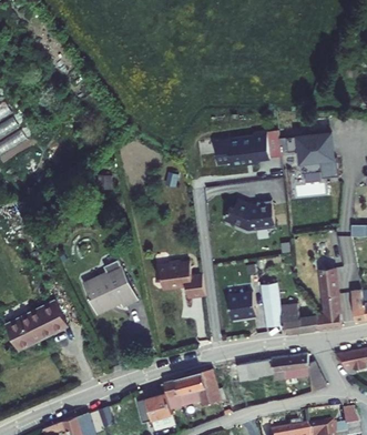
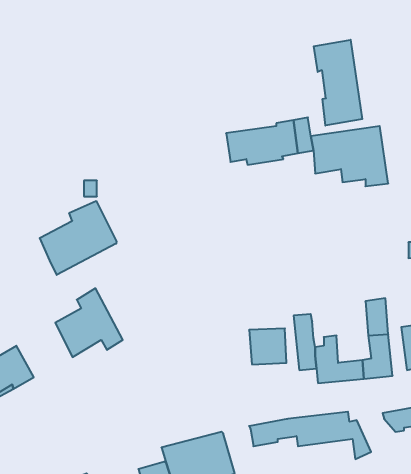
building: none -> [314,40,362,126]
building: none -> [40,201,116,275]
building: [225,198,276,227] -> none
building: [155,260,205,299] -> none

